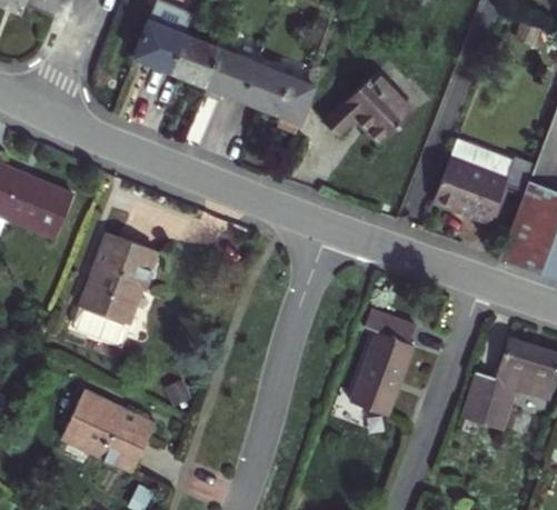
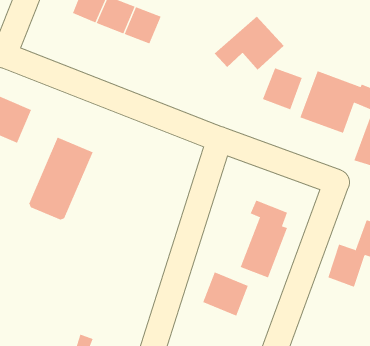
building: [233,68,311,130] -> none
building: none -> [262,68,302,110]
building: [63,383,157,463] -> none
building: none -> [203,272,248,317]

